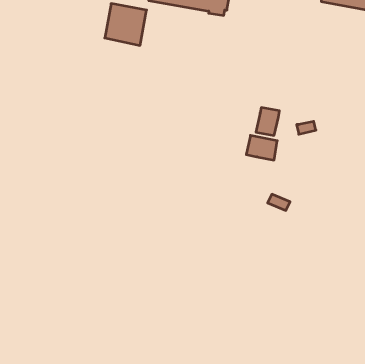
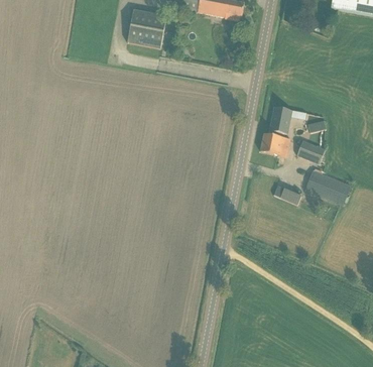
building: none -> [295,137,325,162]
building: none -> [304,168,351,204]

